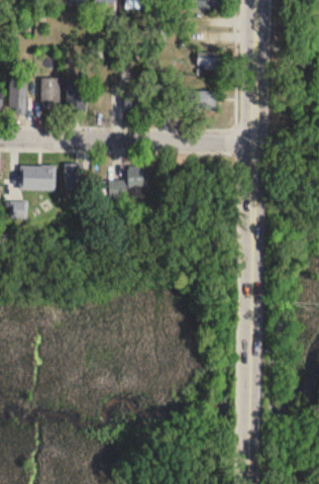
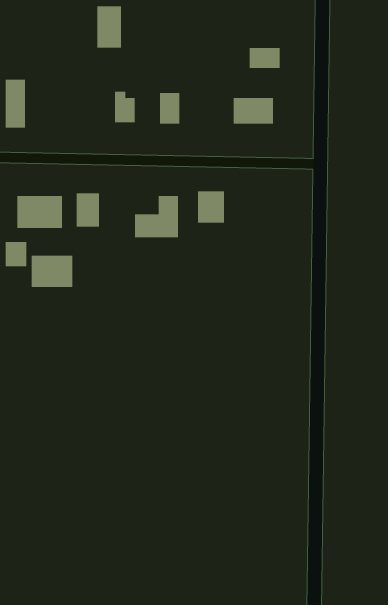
building: [67,78,86,110] -> [97,6,122,48]
building: [41,79,60,109] -> none
building: none -> [197,191,224,223]
building: none -> [31,255,73,288]

